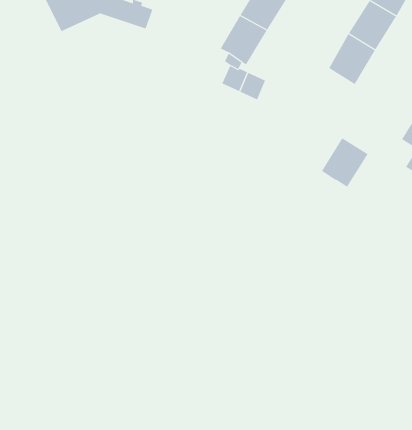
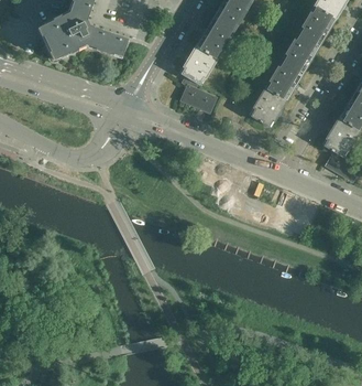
building: [321,137,368,187] -> [249,87,286,127]

